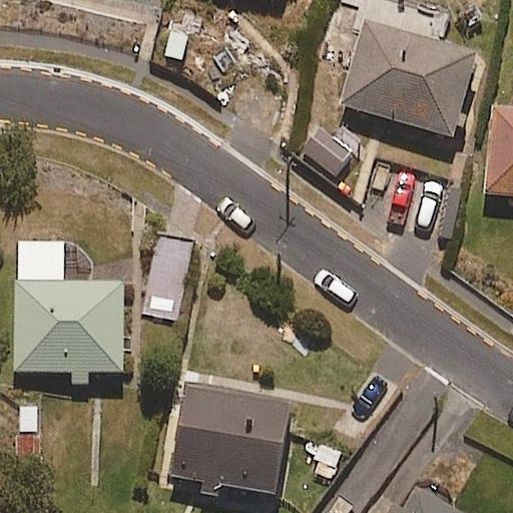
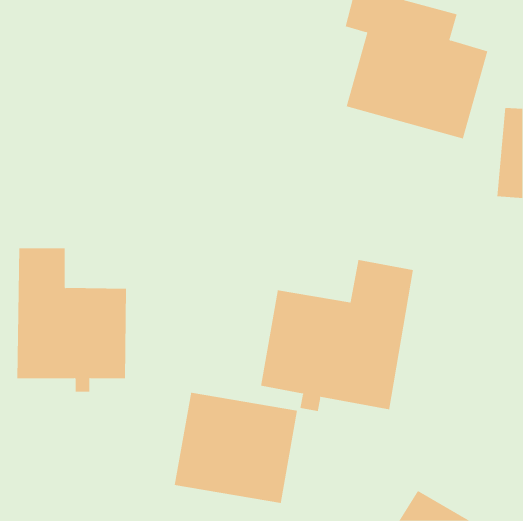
building: none -> [260,259,414,412]

